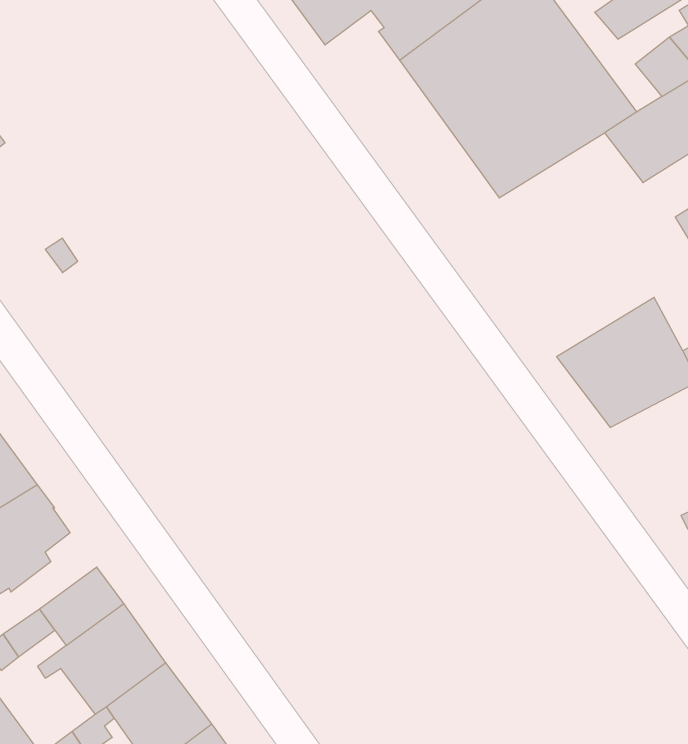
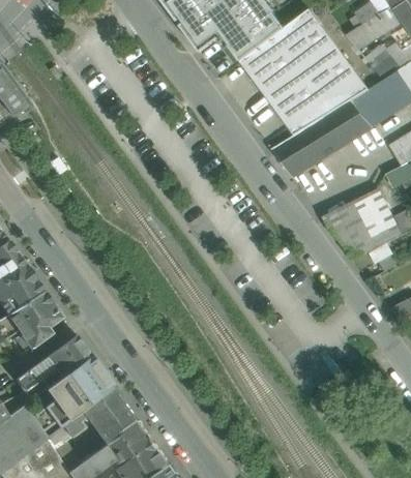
building: none -> [271,100,372,177]

